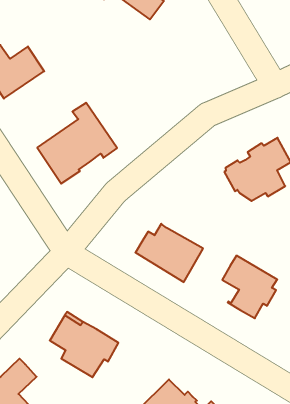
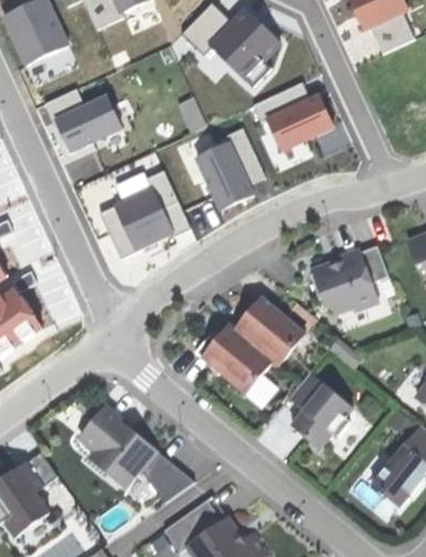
building: none -> [252,83,334,151]
building: none -> [197,128,265,210]
building: none -> [234,296,304,366]
building: none -> [142,451,195,503]

